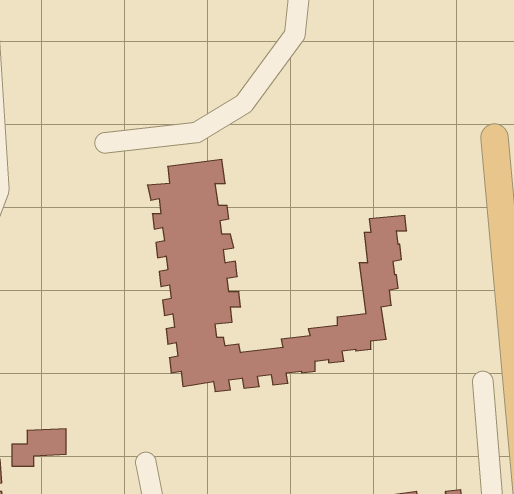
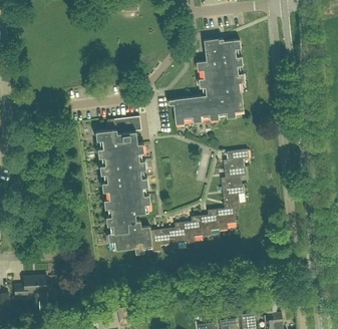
building: none -> [168,38,245,124]

